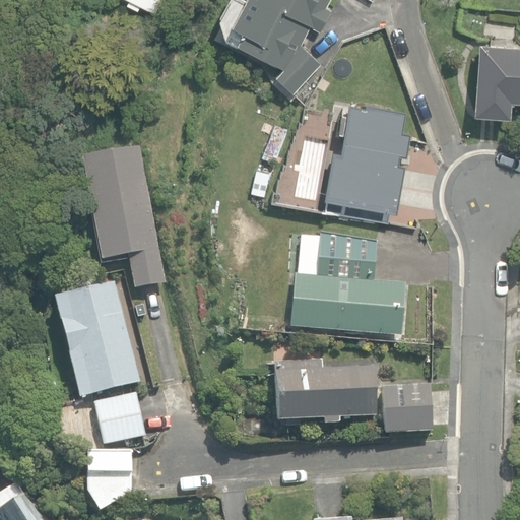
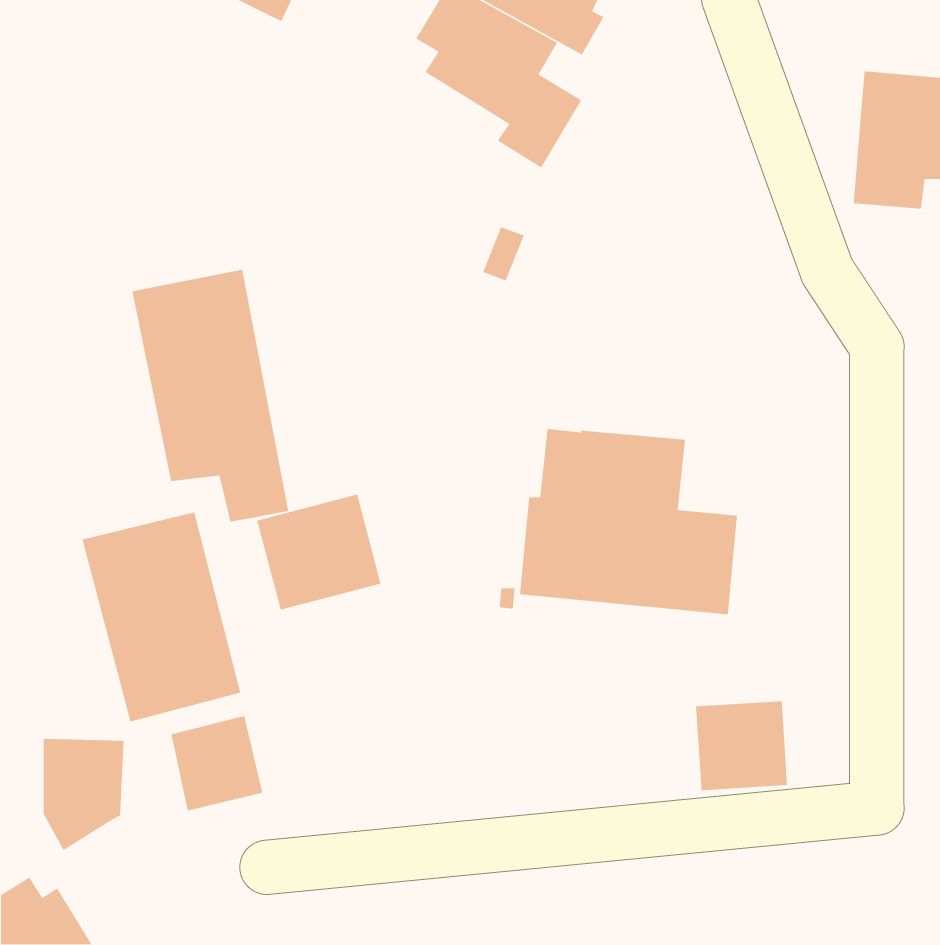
building: [326,102,411,218] -> none
building: none -> [256,494,381,611]
building: [278,359,380,427] -> none
building: [90,450,135,512] -> [43,738,124,851]

